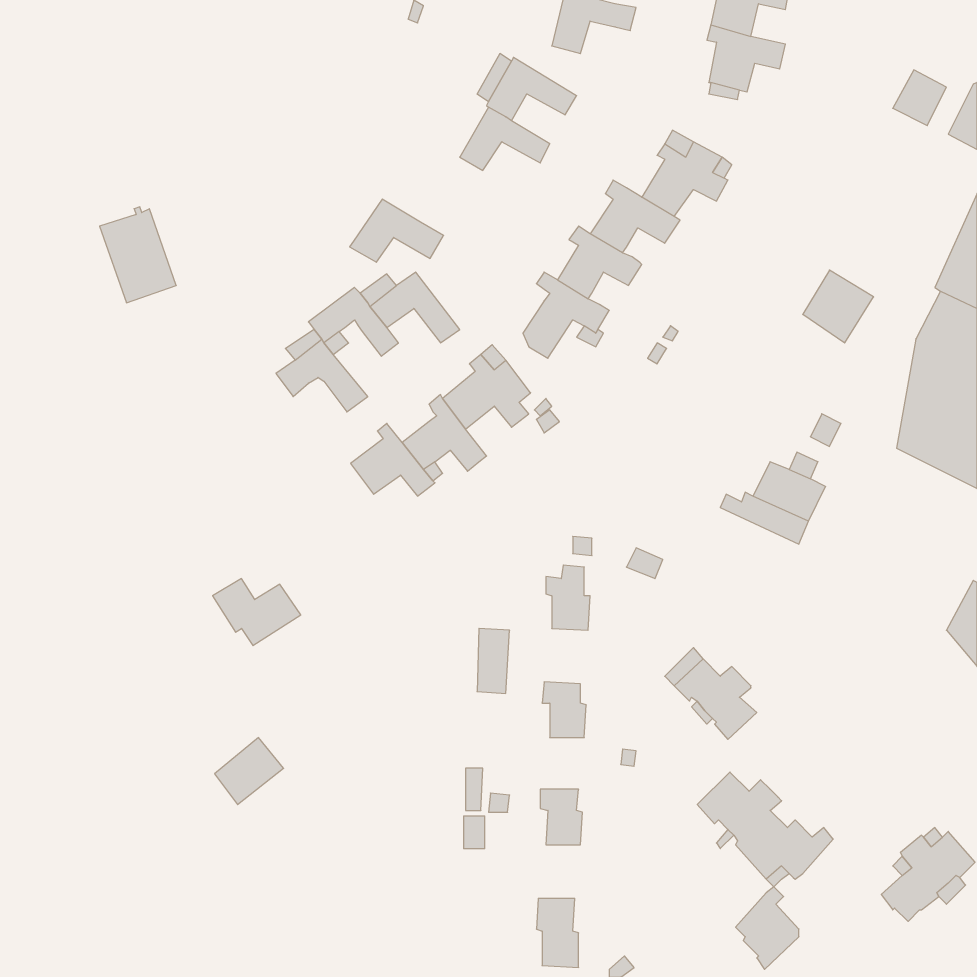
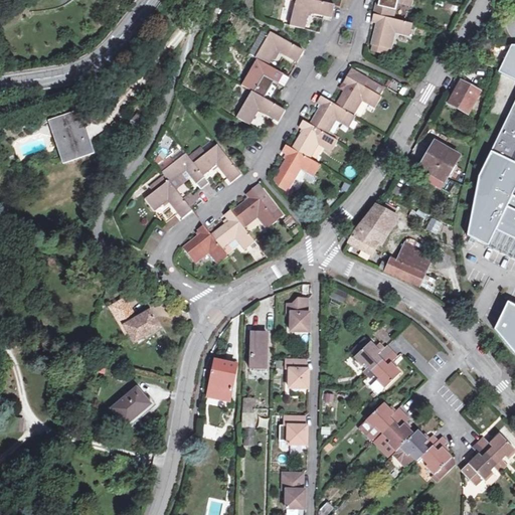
building: [893,70,946,126] -> [450,82,478,112]
building: [350,199,444,262] -> [236,90,286,123]
building: none -> [347,204,394,255]
building: none -> [207,360,237,400]
building: [736,887,799,969] -> [421,438,455,481]

